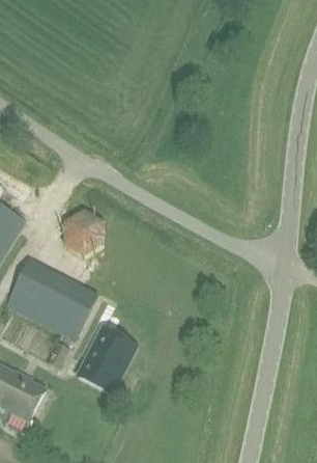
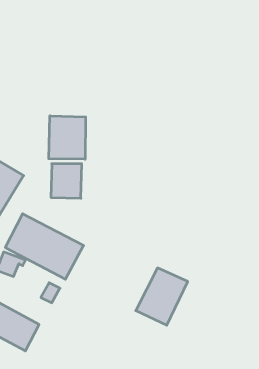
building: none -> [49,116,86,159]
building: [79,325,138,390] -> [136,268,188,325]

